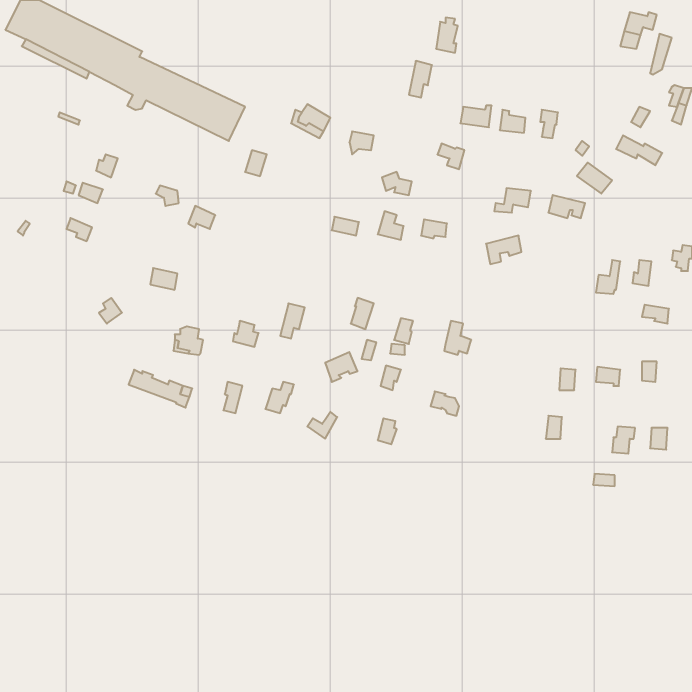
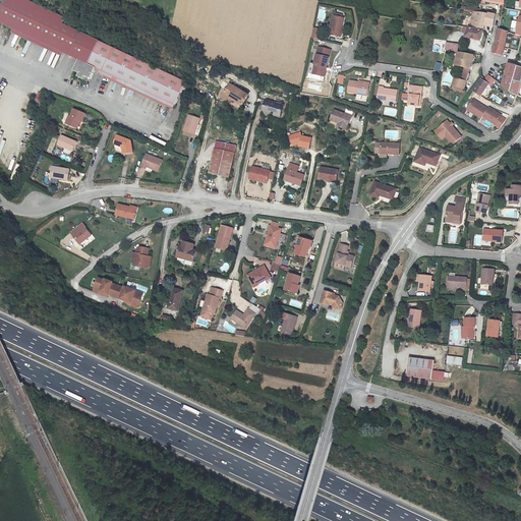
building: none -> [449,50,470,86]
building: none -> [209,144,234,175]
building: none -> [407,357,436,380]

